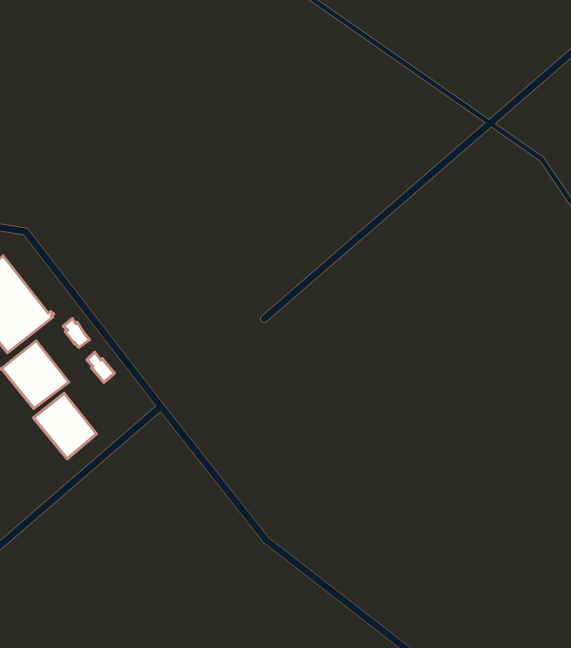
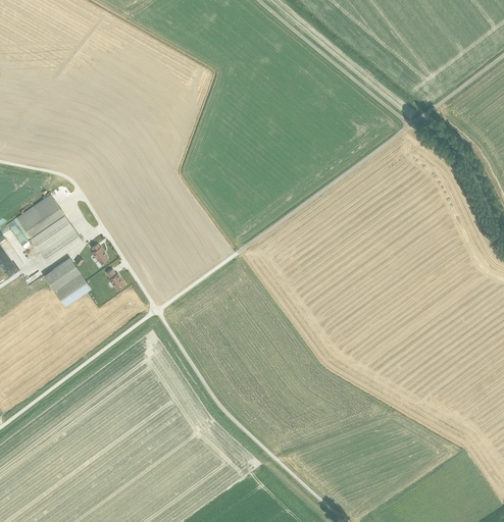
building: [33,393,97,459] -> none

